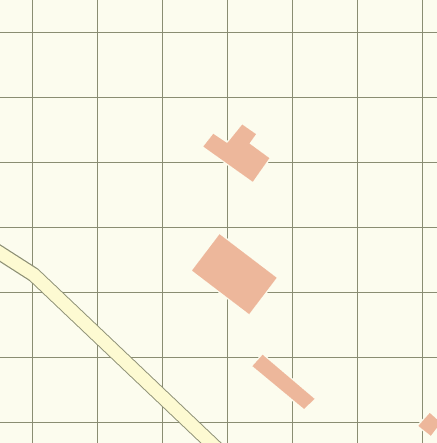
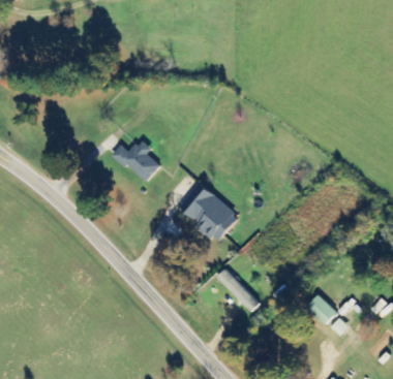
building: [202,123,271,183] -> [112,139,159,182]
building: none -> [306,294,336,324]

